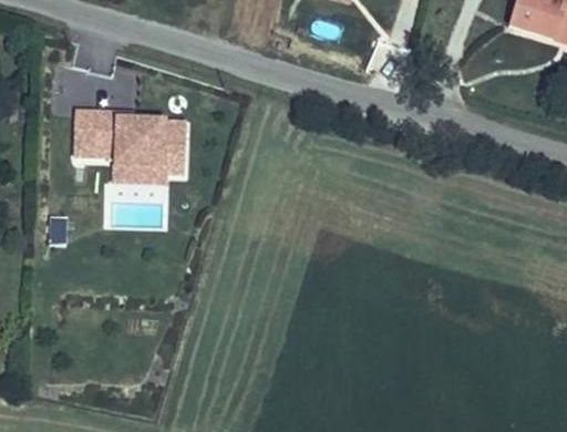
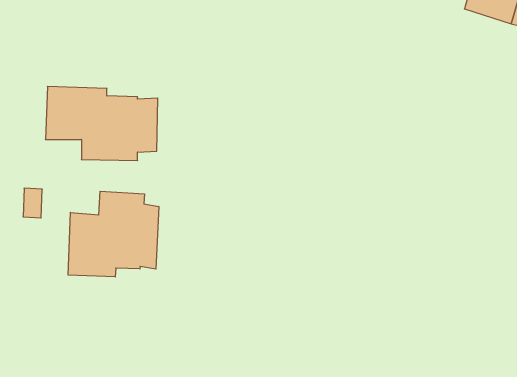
building: none -> [68,191,159,277]

